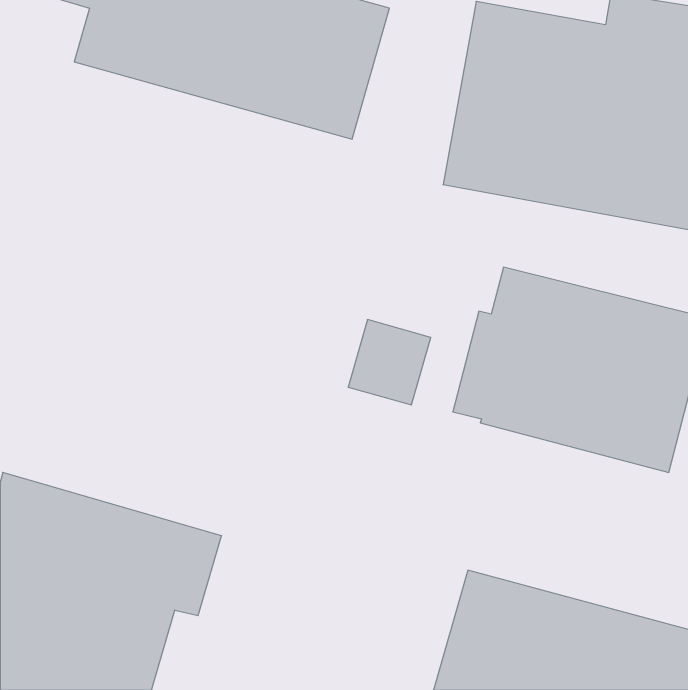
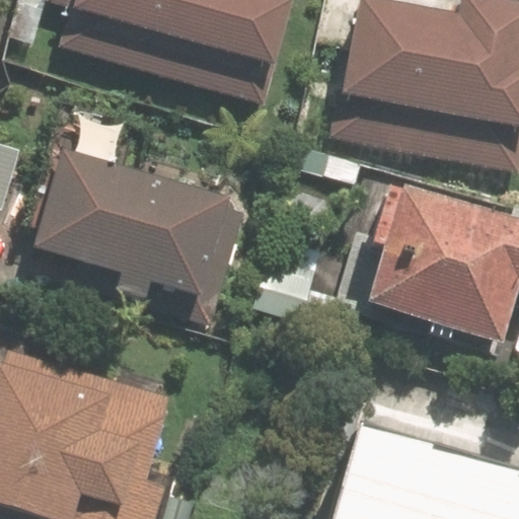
building: none -> [34,155,229,305]

